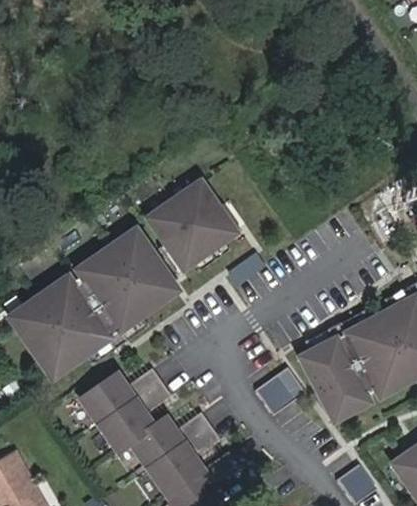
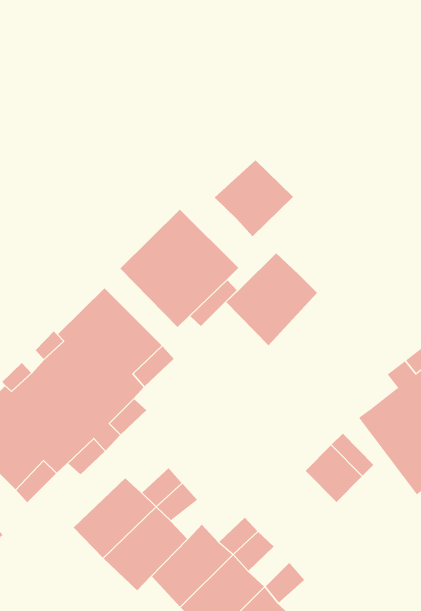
building: none -> [214,159,294,237]
building: none -> [226,252,318,346]

